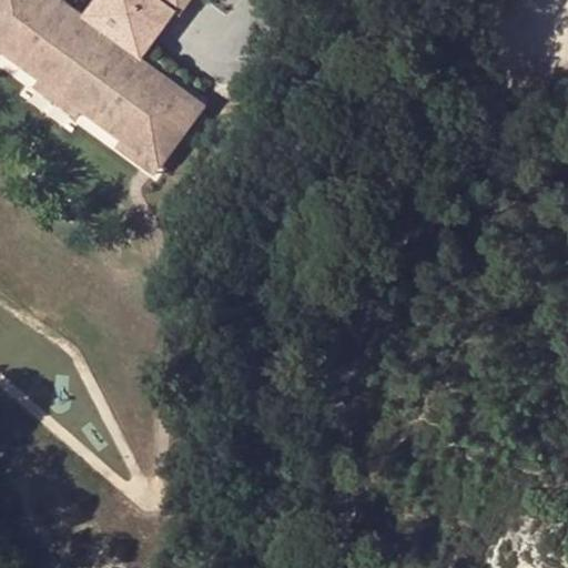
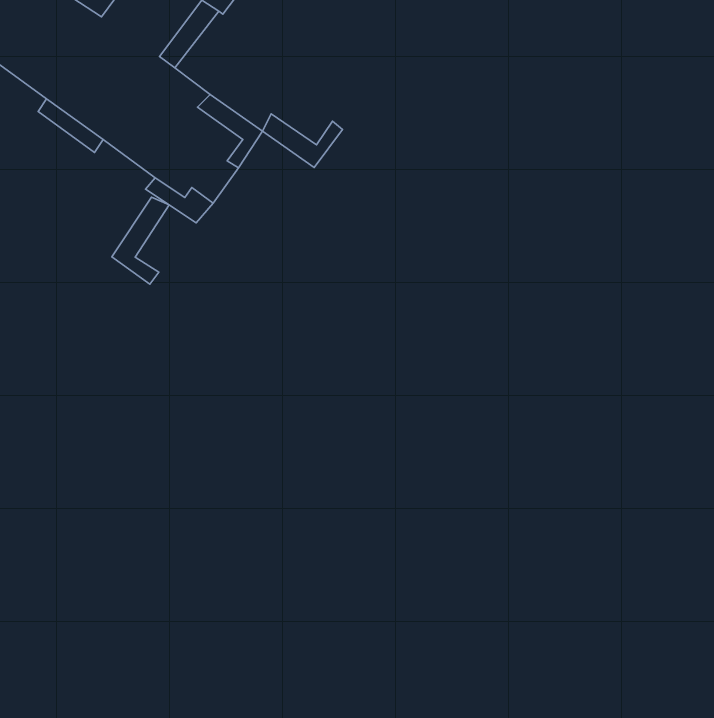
building: none -> [262,114,343,167]
building: none -> [112,197,169,284]

